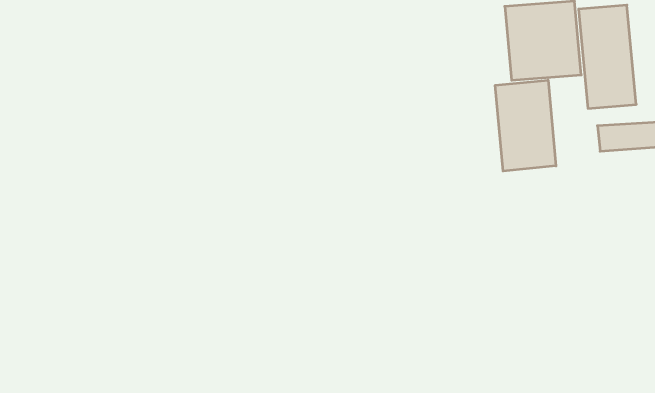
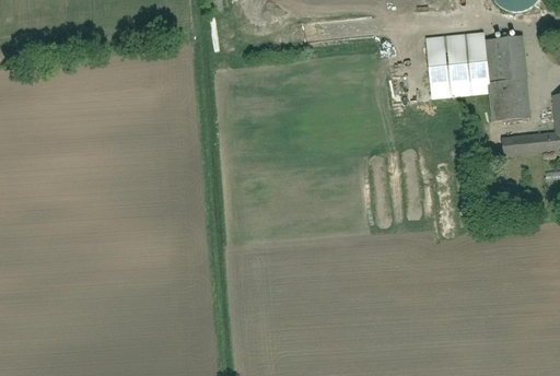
building: [495,80,556,171] -> none

